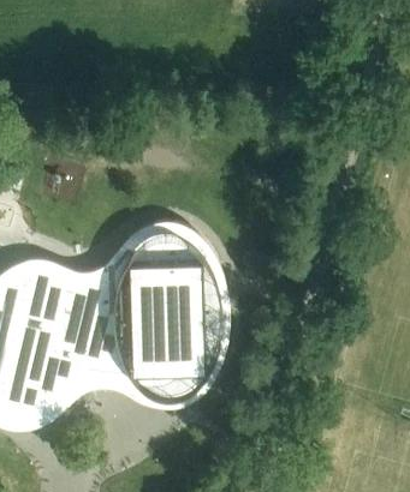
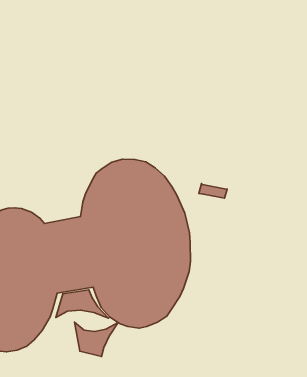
building: none -> [75,322,118,357]

